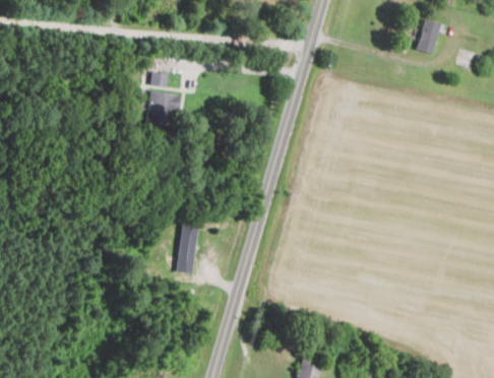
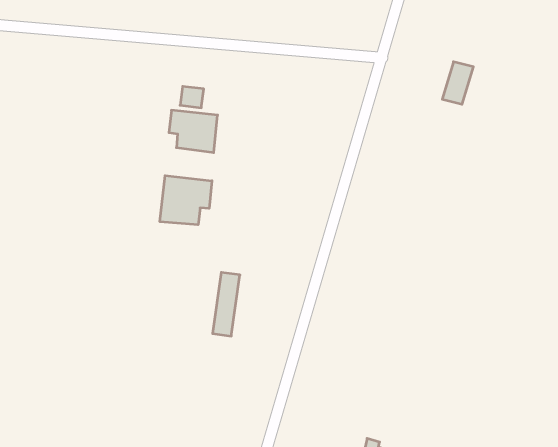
building: [416,19,441,54] -> [442,62,473,104]
building: none -> [160,176,212,225]

